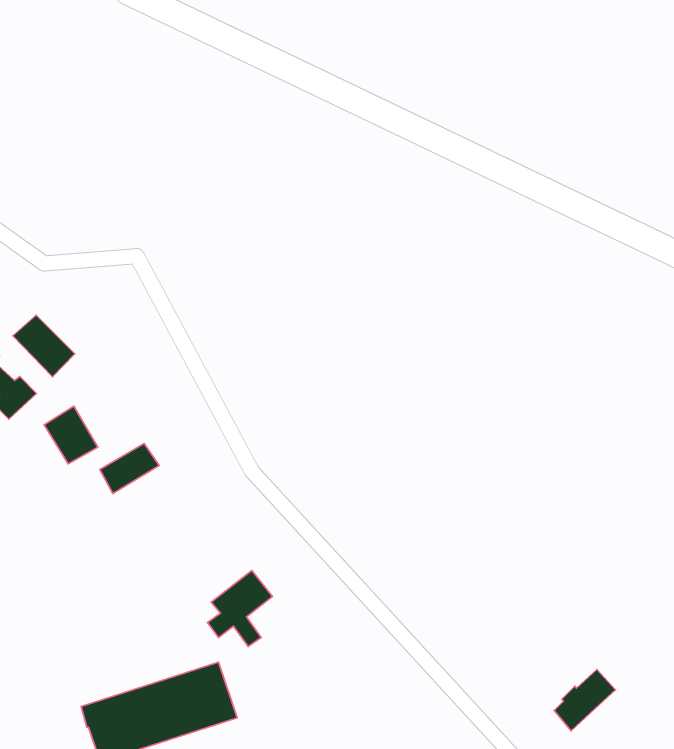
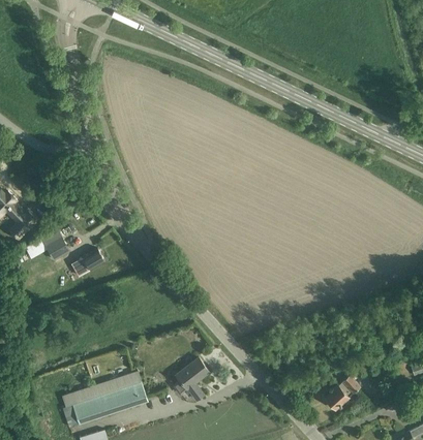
building: [13,315,75,377] -> none
building: [207,571,272,647] -> [173,357,209,400]

